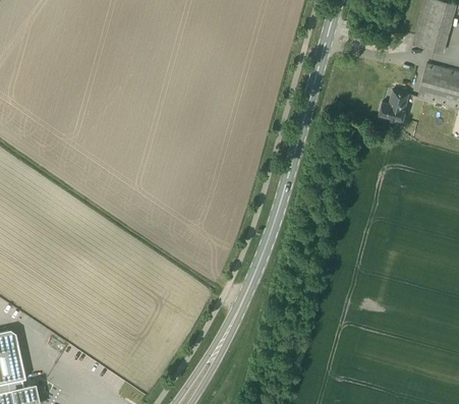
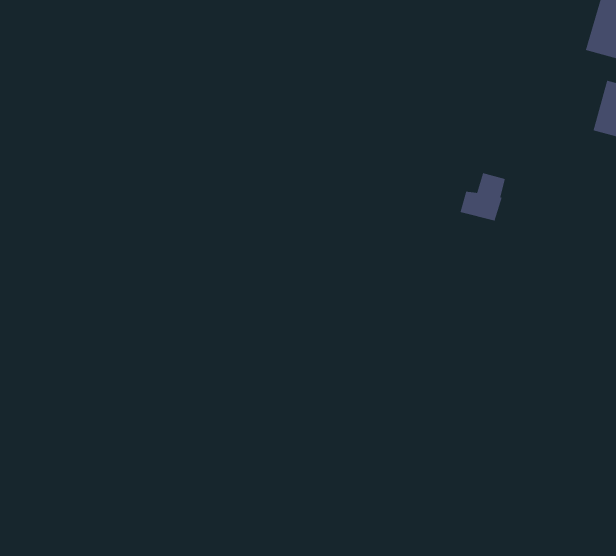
building: [379,90,409,122] -> [459,172,506,222]

